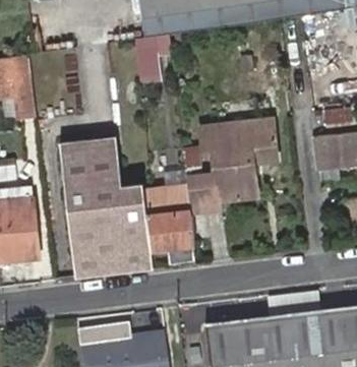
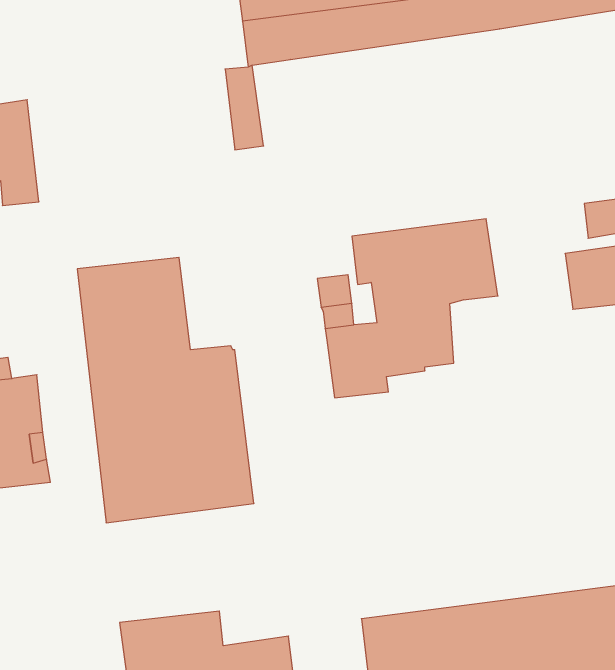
building: [143,182,195,247] -> none

